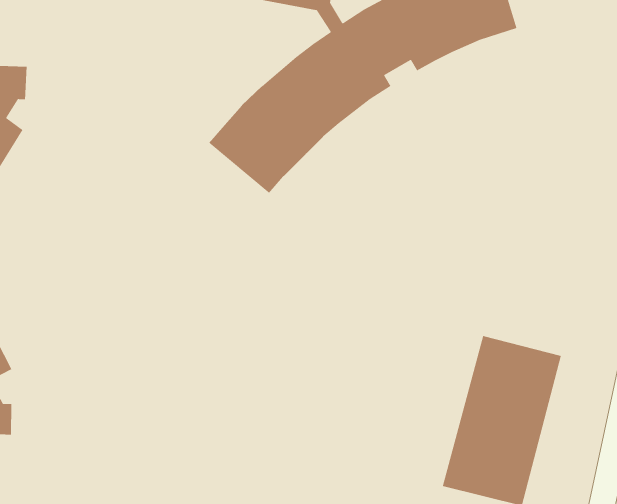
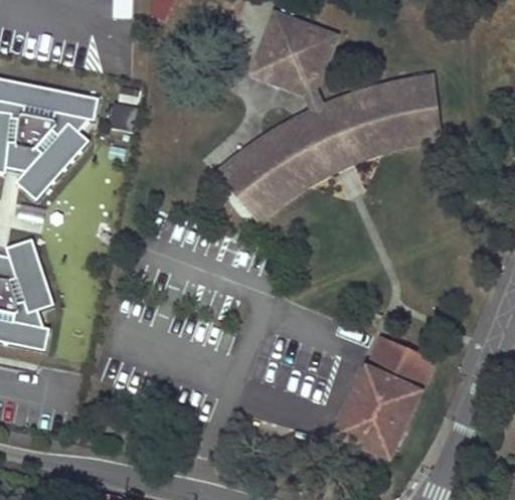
building: none -> [250,128,442,220]

